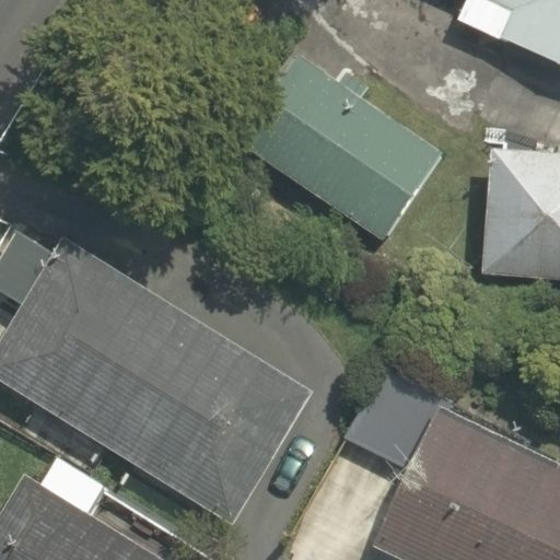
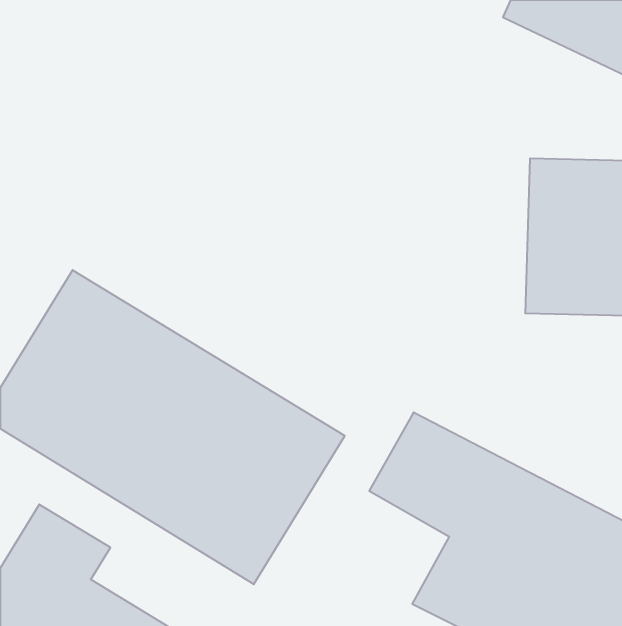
building: [238,45,453,242] -> none

